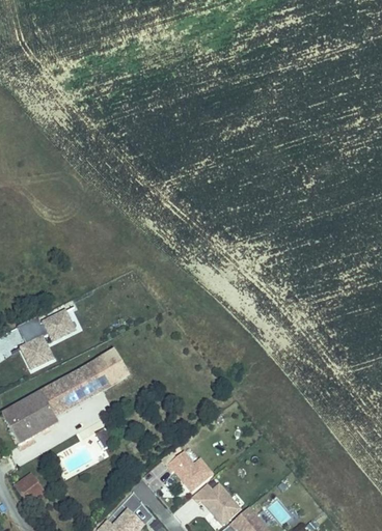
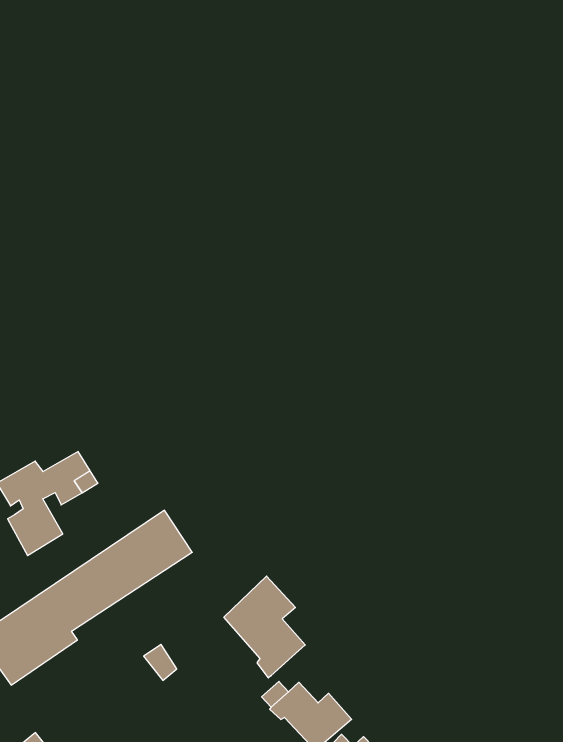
building: none -> [224,576,305,678]

